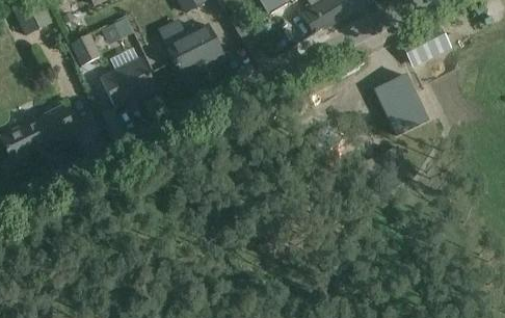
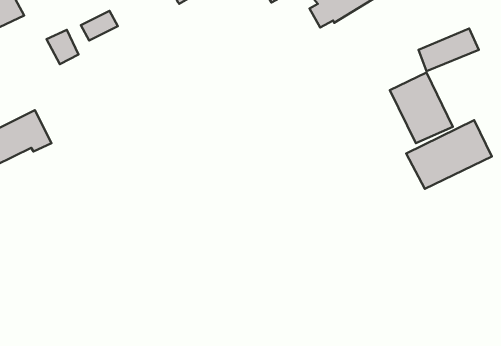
building: [158,19,223,74] -> none
building: [100,56,156,107] -> none
building: none -> [406,120,492,189]

